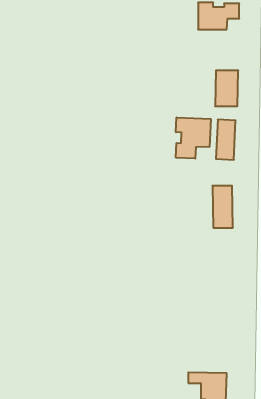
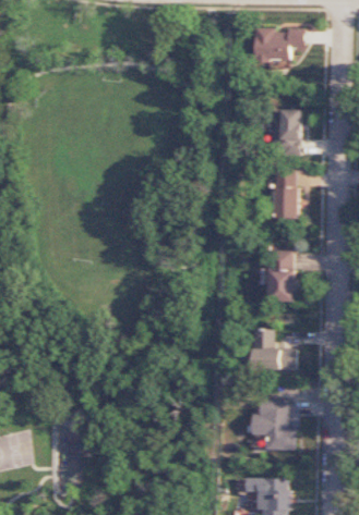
building: [176,117,211,159] -> none
building: none -> [253,329,296,370]
building: none -> [251,400,295,450]

